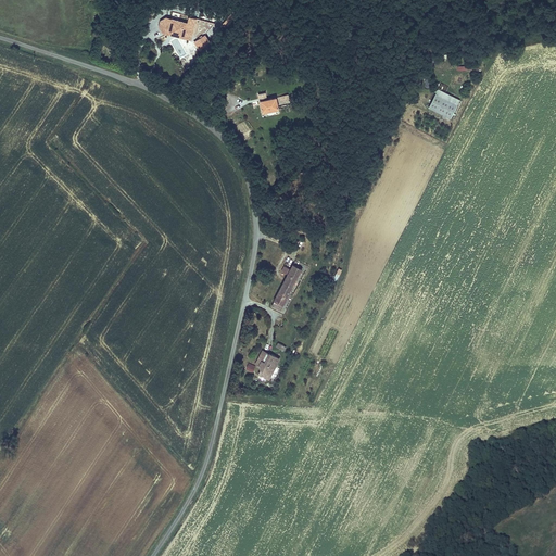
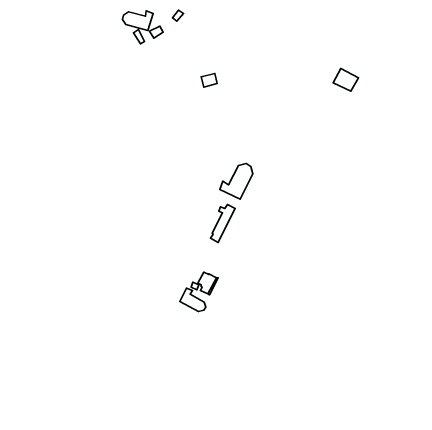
building: none -> [220,164,253,199]
building: none -> [180,288,206,311]

